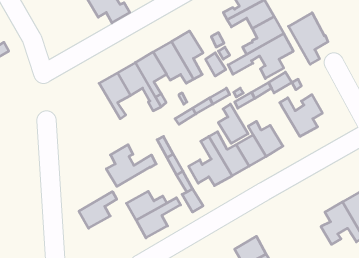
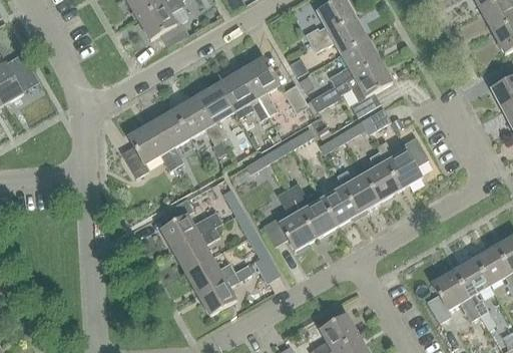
building: [288,13,328,64] -> none
building: none -> [121,122,176,178]
building: [218,104,248,143] -> [363,151,400,201]
building: [79,192,117,228] -> [172,227,219,272]

